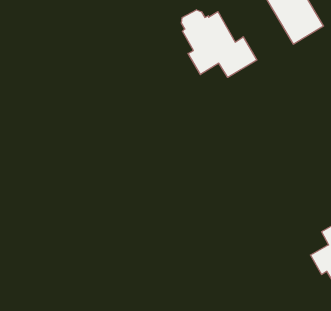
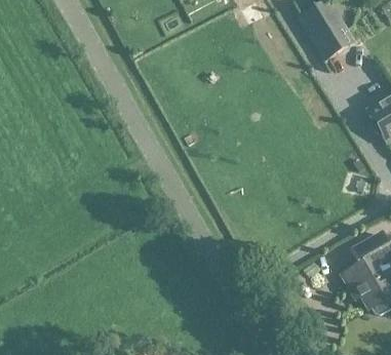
building: [182,10,257,77] -> none

